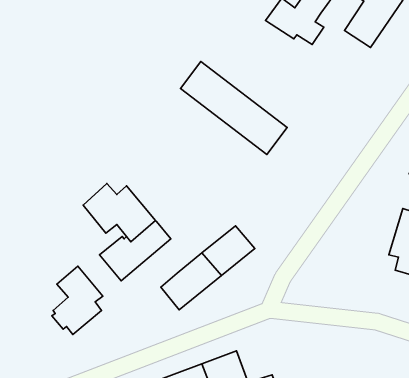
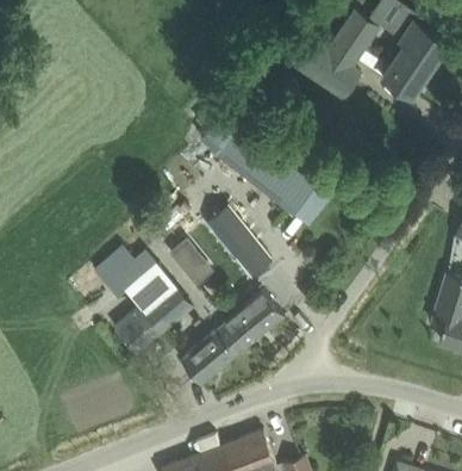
building: none -> [207,207,271,278]
building: none -> [167,238,212,286]
building: [52,266,103,334] -> none

